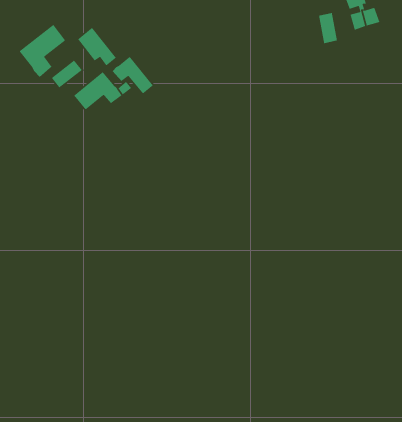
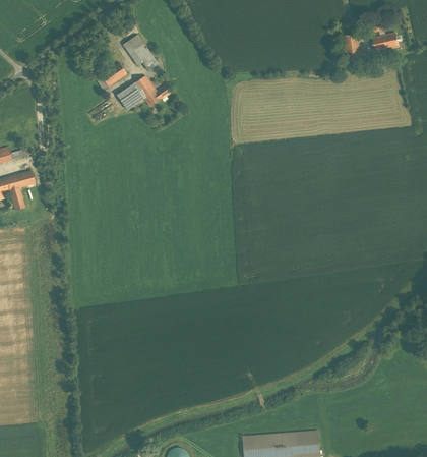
building: [19,24,66,78] -> none
building: [112,56,154,95] -> none

